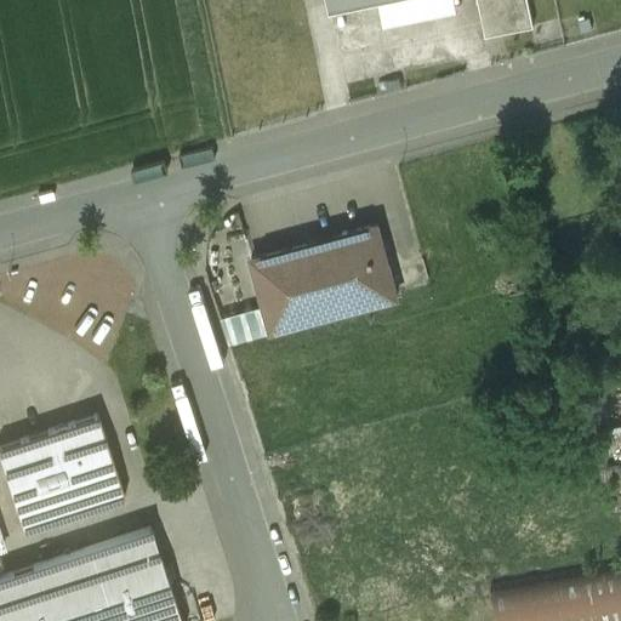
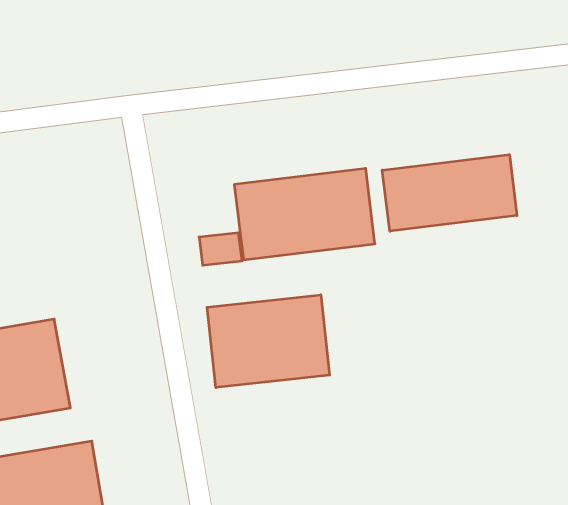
building: none -> [382,155,517,231]
building: none -> [207,295,330,388]

